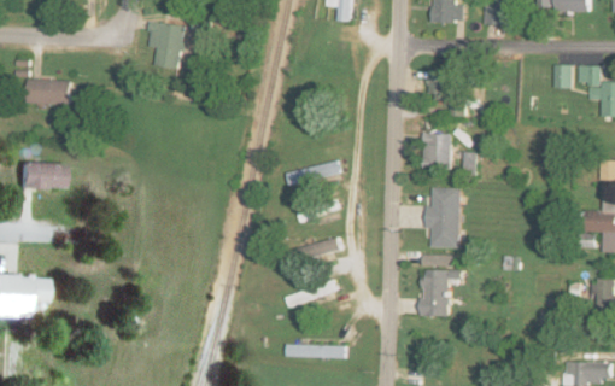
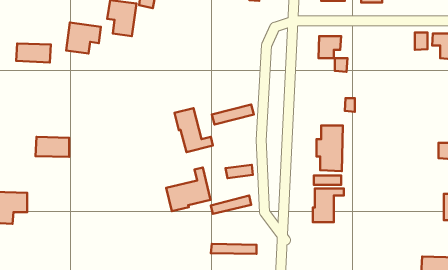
building: none -> [66,22,101,54]
building: [422,133,451,170] -> none
building: [14,163,59,189] -> [36,137,69,157]
building: none -> [175,108,213,152]
building: none -> [166,167,211,211]

